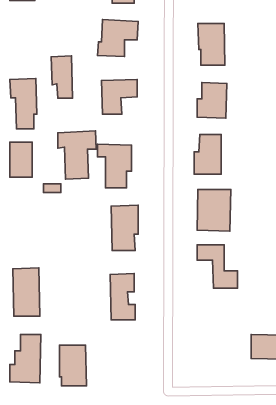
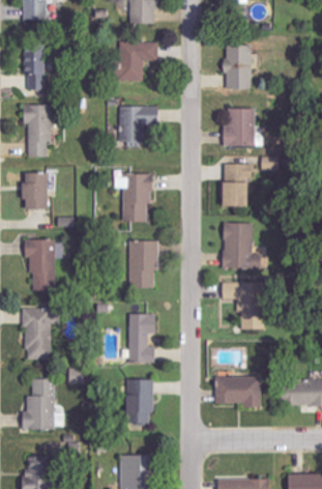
building: [51,56,72,98] -> [21,45,43,90]
building: [58,131,96,179] -> [23,239,64,291]
building: none -> [214,377,259,408]
building: [59,345,86,386] -> [124,380,153,424]

